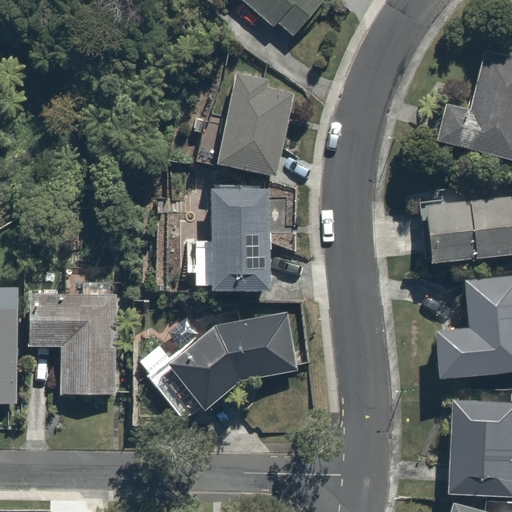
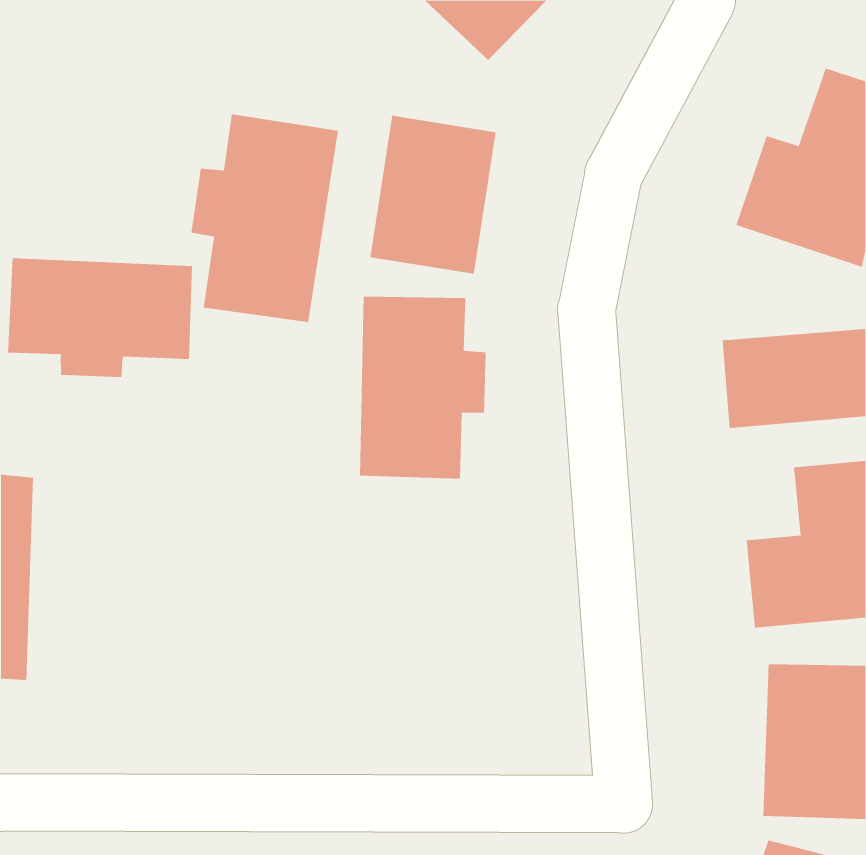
building: none -> [191,113,338,323]
building: none -> [7,257,192,378]
building: [35,262,124,400] -> none
building: [137,314,300,428] -> none

